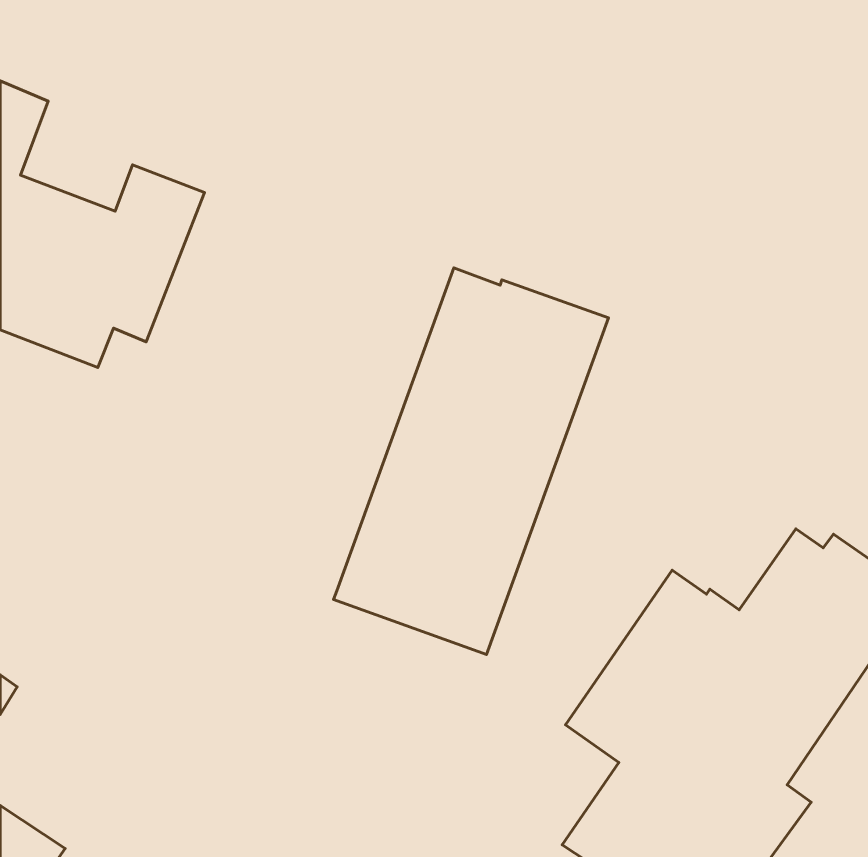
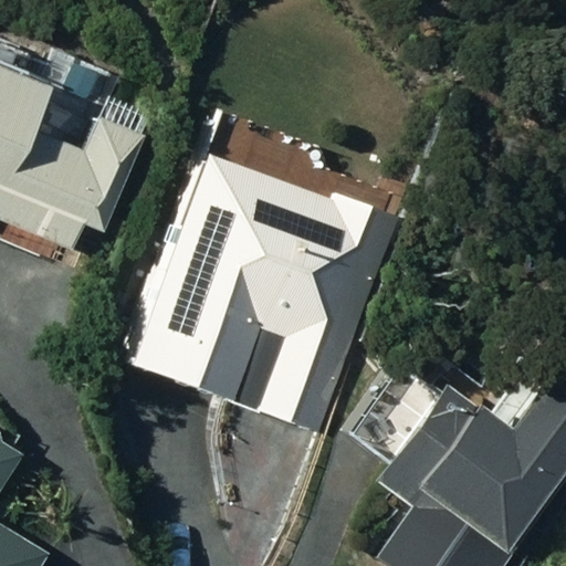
building: none -> [124,150,298,394]

